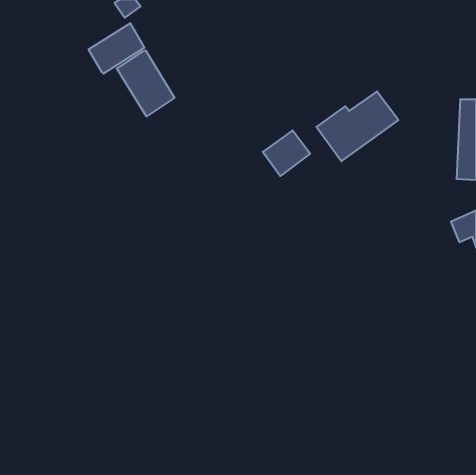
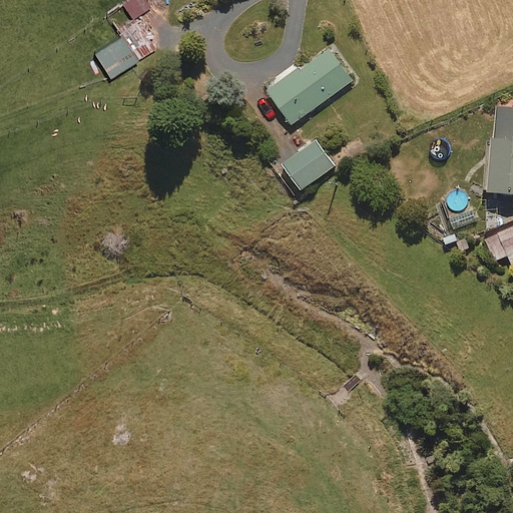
building: [117,50,174,116] -> none
building: [316,91,398,161] -> [266,48,354,123]

